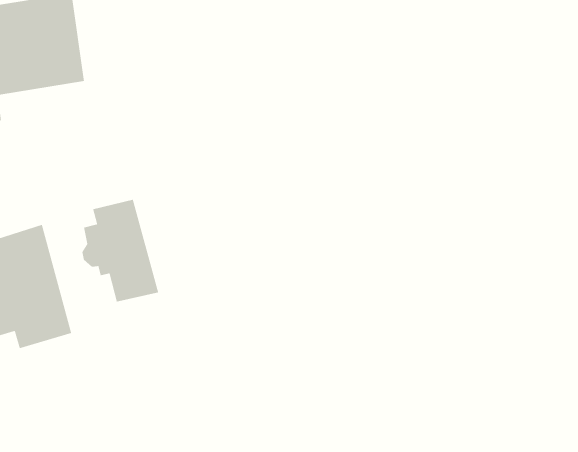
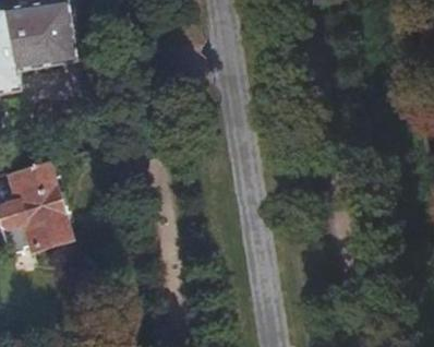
building: [81,199,159,302] -> none

